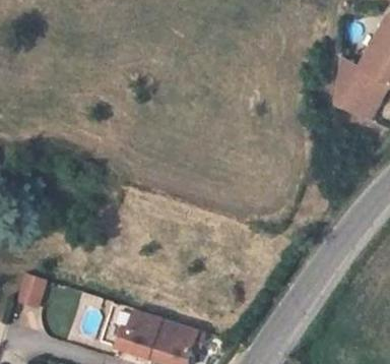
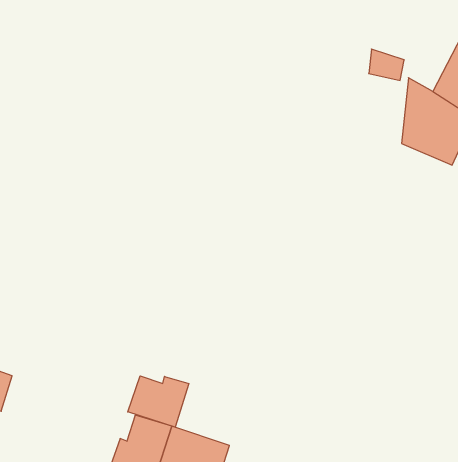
building: none -> [128,376,189,427]

